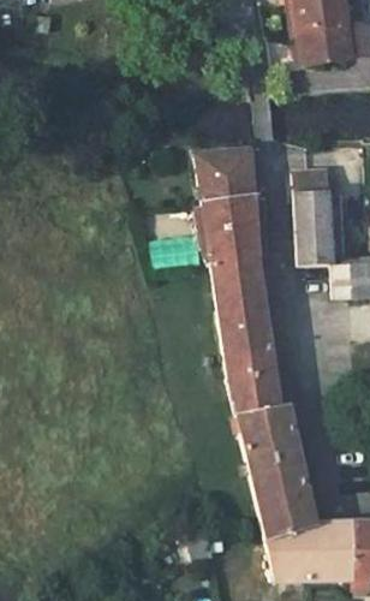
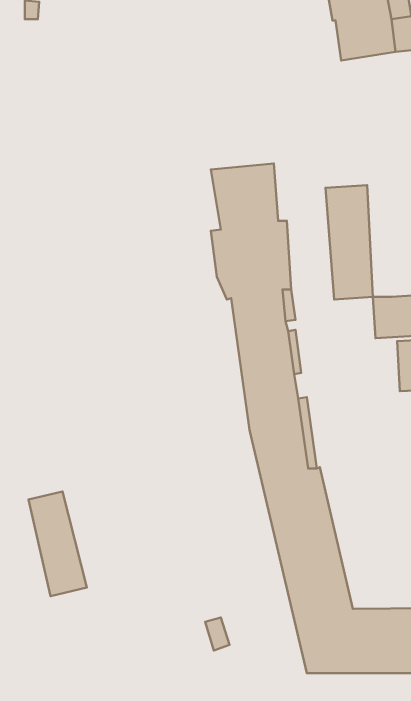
building: none -> [29,492,87,596]

